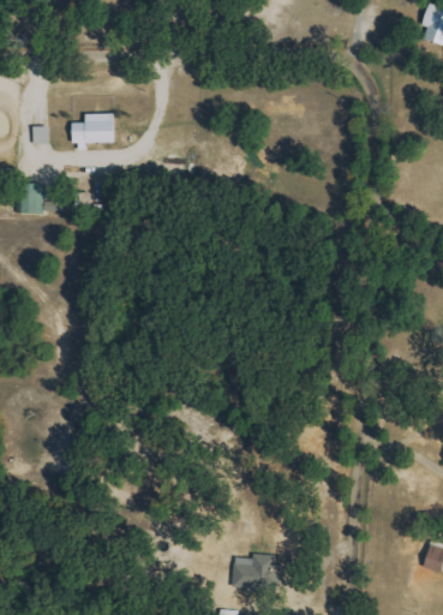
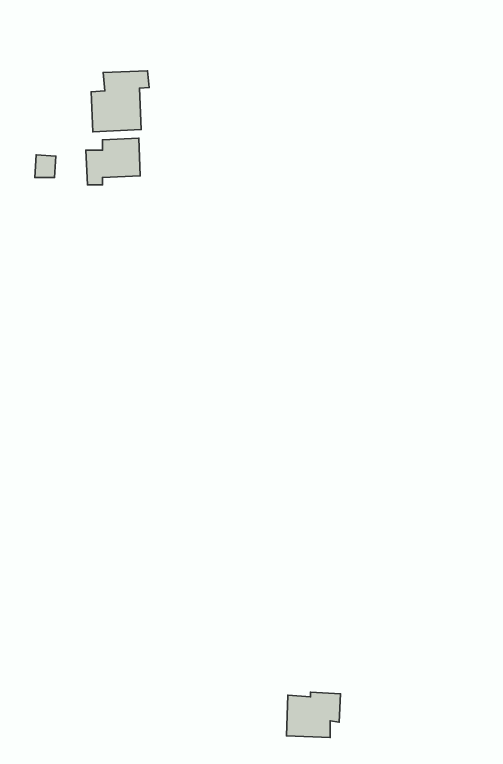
building: none -> [91,71,149,132]

